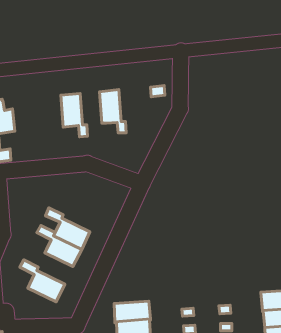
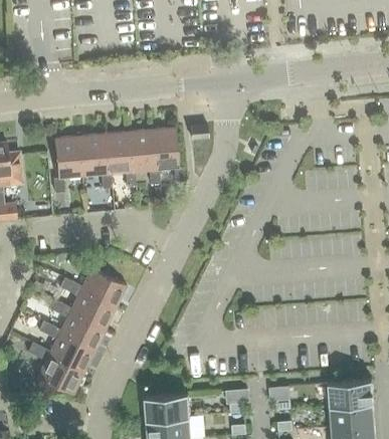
building: none -> [150,128,183,182]
building: none -> [102,133,135,187]
building: none -> [52,137,80,193]
building: none -> [68,256,125,307]
building: none -> [37,320,92,373]

